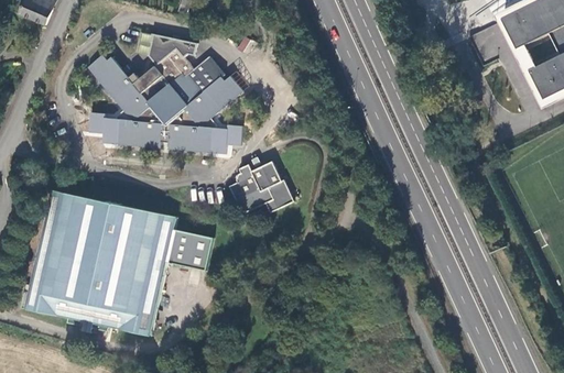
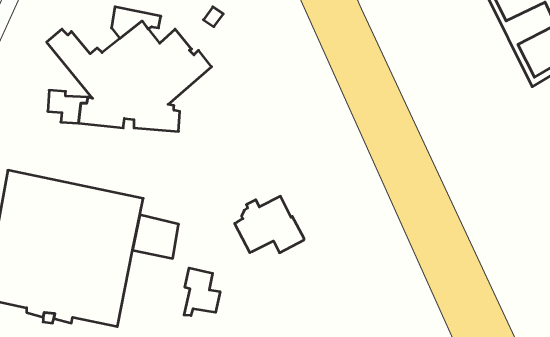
building: [207,123,241,152] -> none
building: [228,161,293,213] -> [235,196,304,253]
building: none -> [184,268,220,316]

